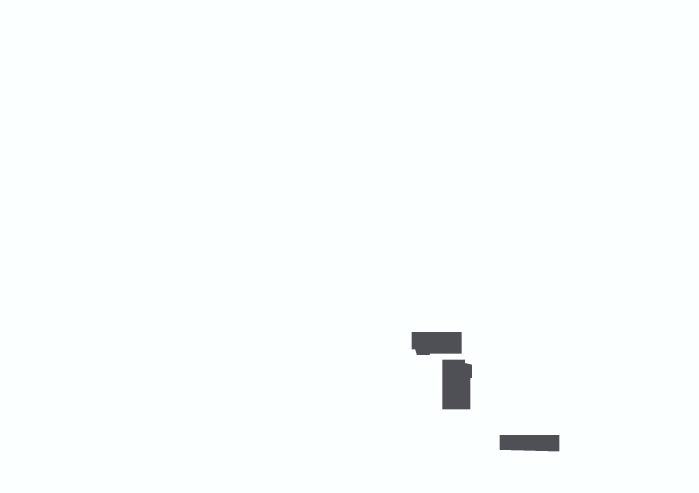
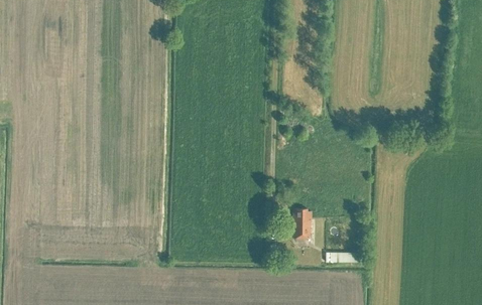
building: [411,331,462,356] -> none

